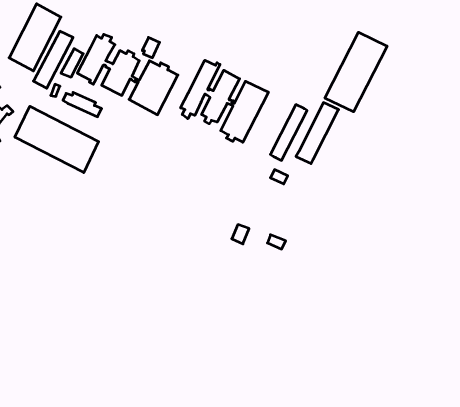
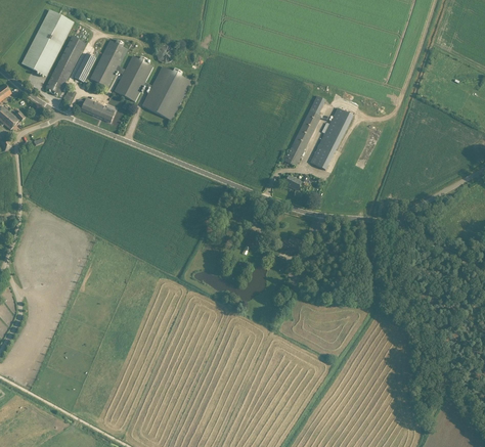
building: [325,32,387,112] -> none
building: [181,60,268,142] -> none
building: [15,106,99,173] -> none

